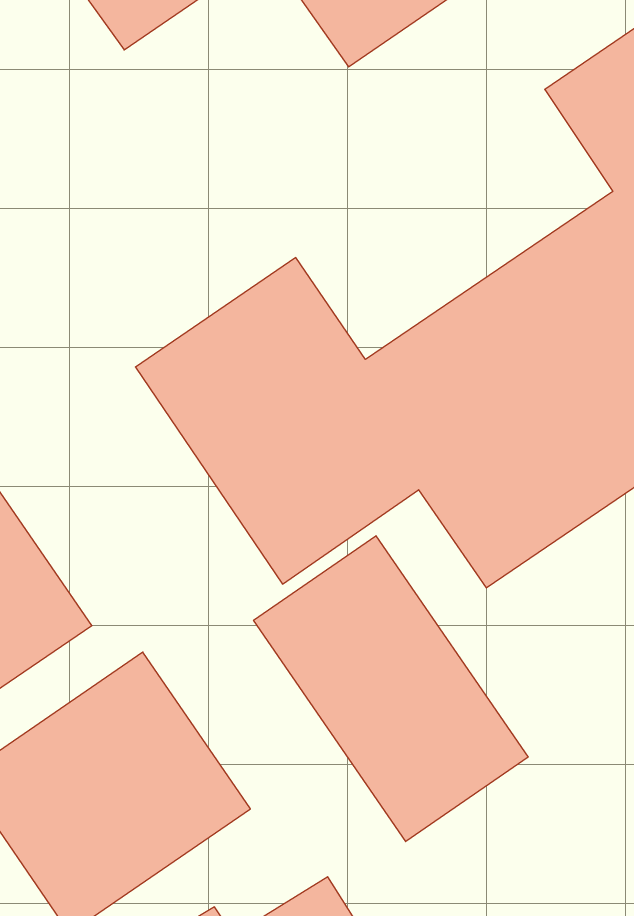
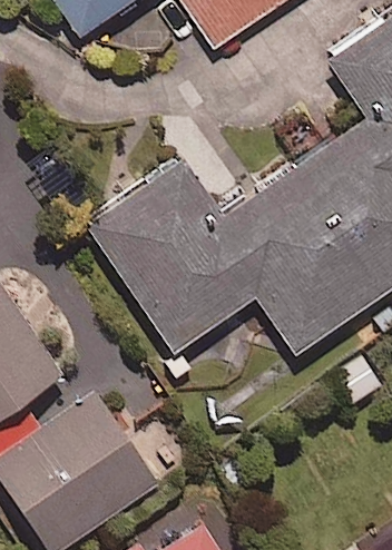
building: [254,536,528,842] -> none

